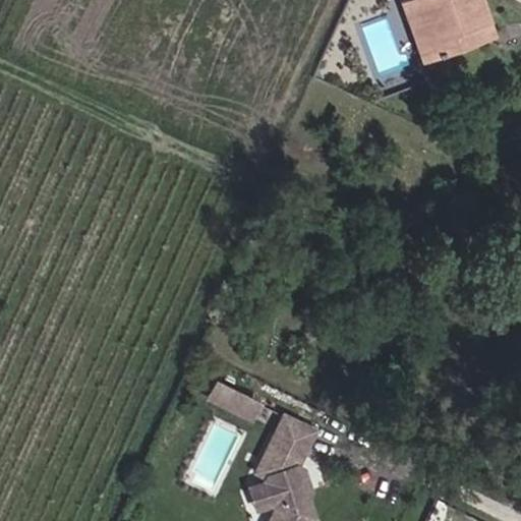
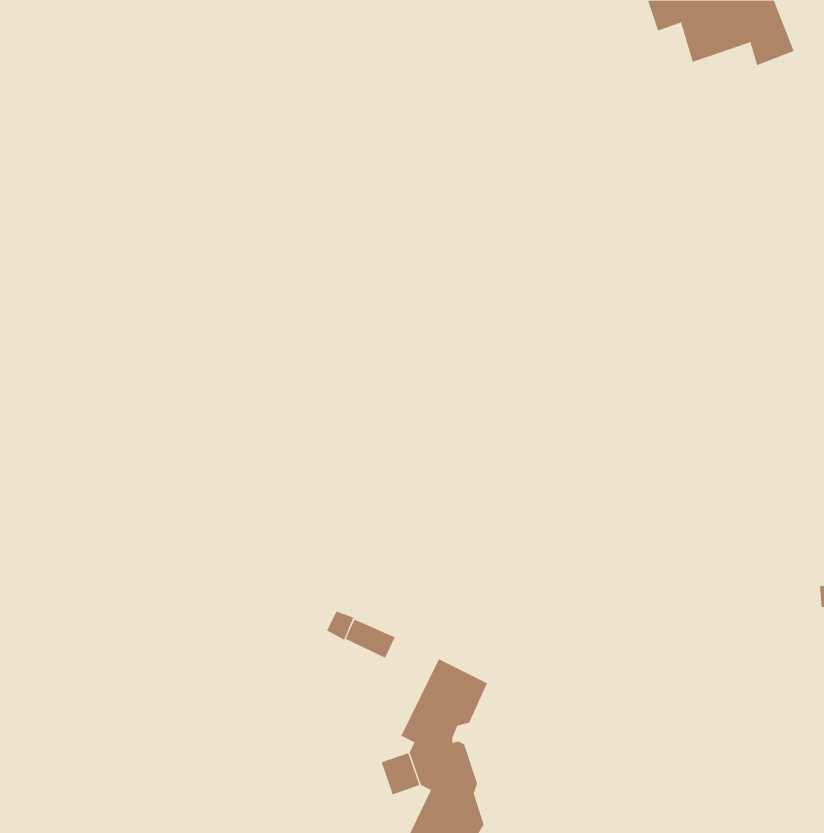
building: [417,19,478,63] -> none

